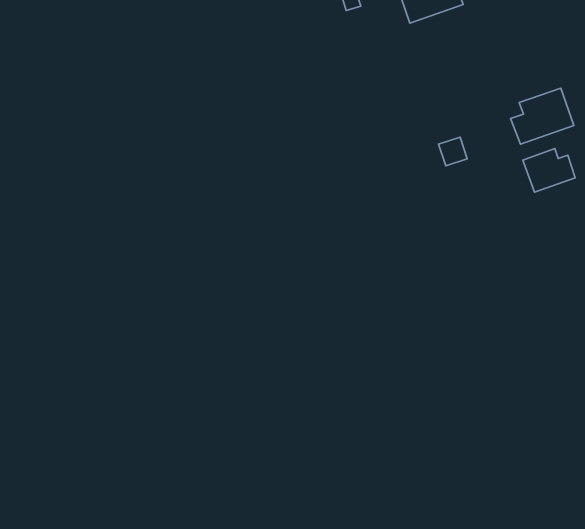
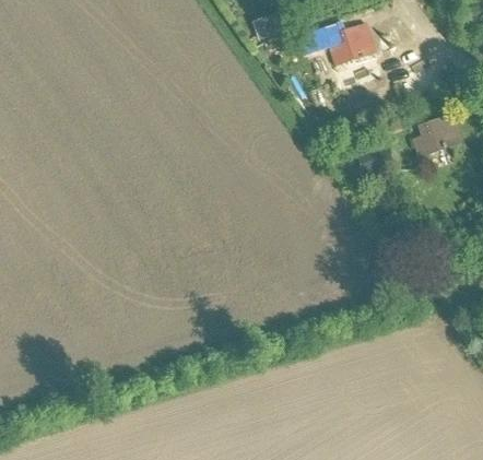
building: [523,149,575,192] -> none

